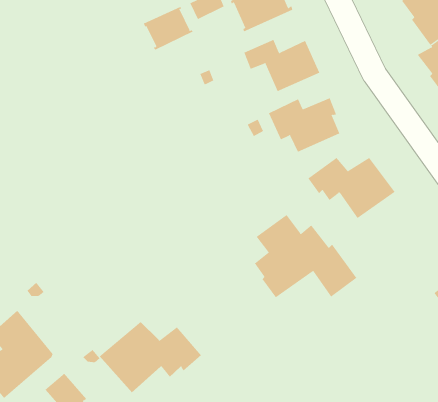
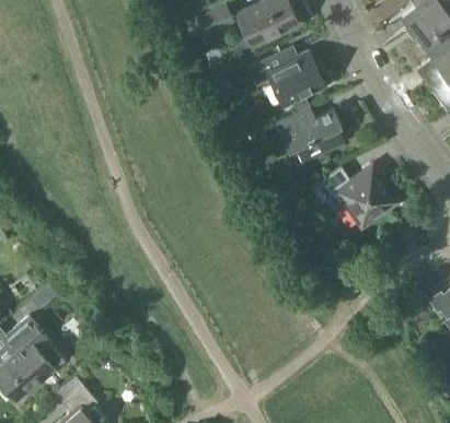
building: [143,6,193,50] -> none
building: [254,214,357,298] -> none
building: [99,321,202,393] -> none

